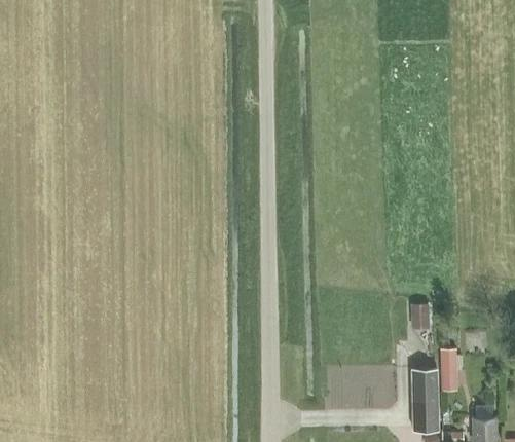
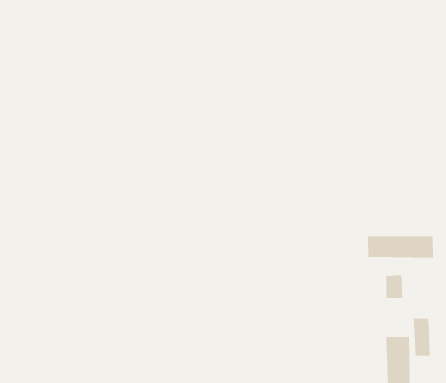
building: none -> [367,236,433,258]

